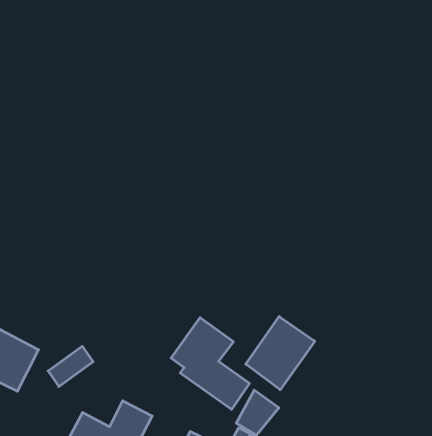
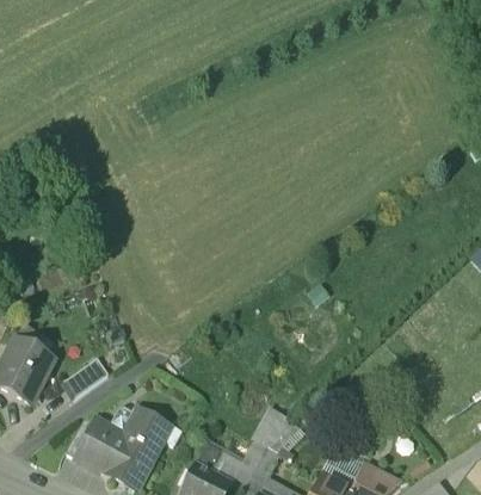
building: [246,316,315,390] -> none
building: [171,318,249,409] -> none

